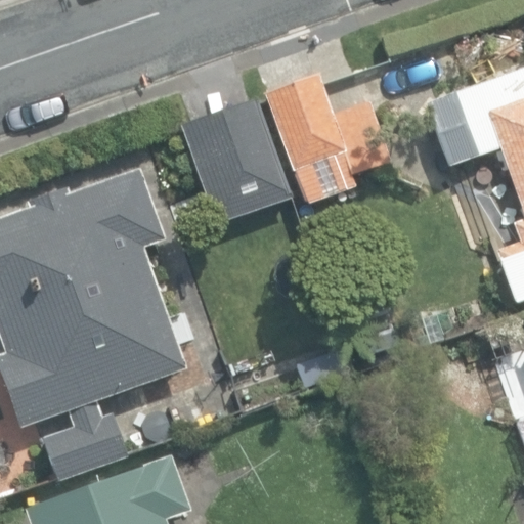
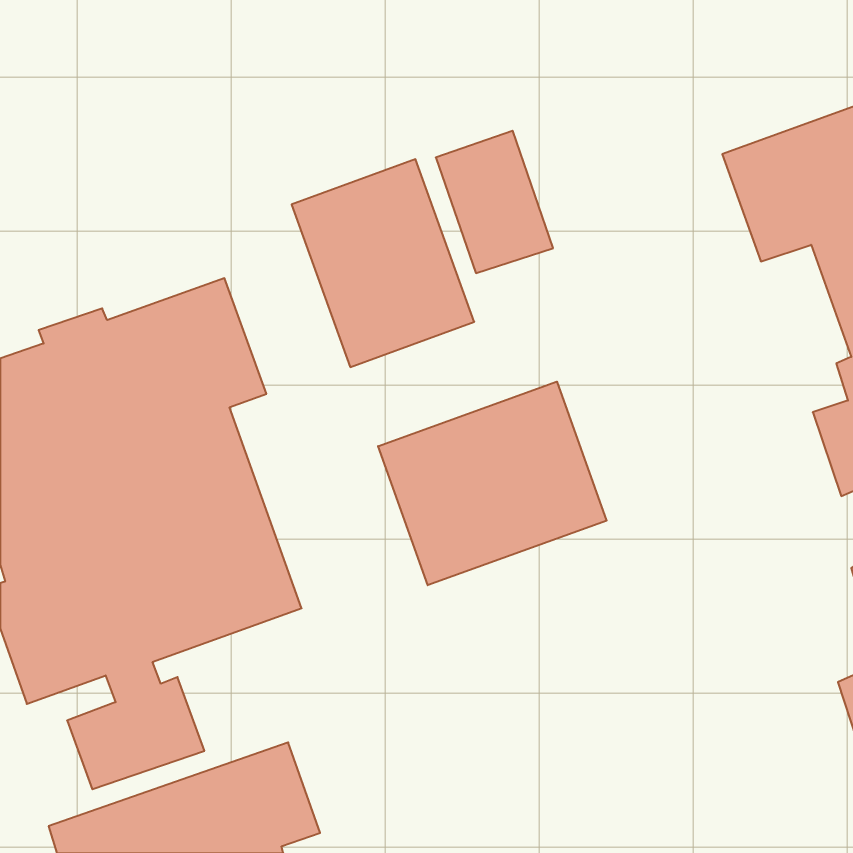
building: none -> [378,382,607,585]

